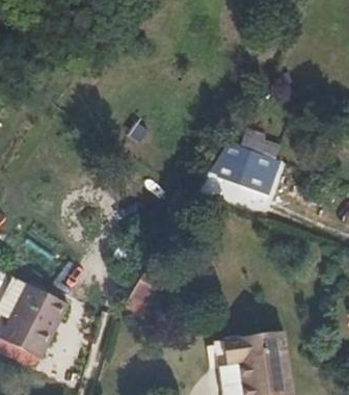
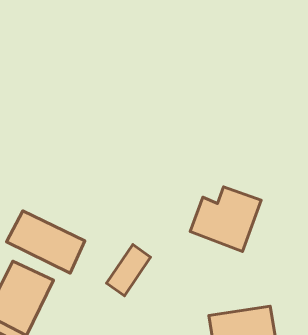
building: [208,133,278,197] -> [190,187,261,251]
building: none -> [6,211,85,273]

